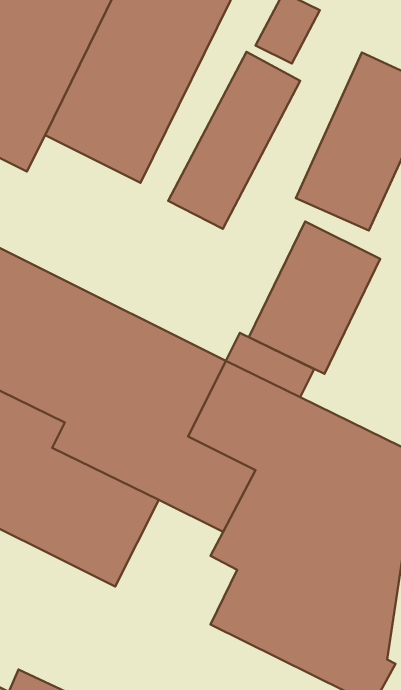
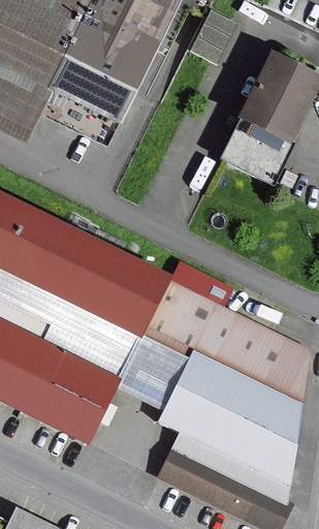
building: [168,52,300,229] -> none
building: [249,222,380,374] -> none

